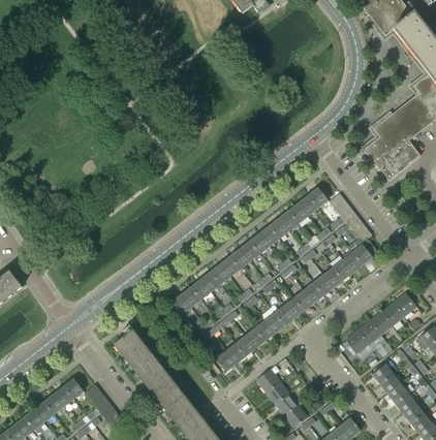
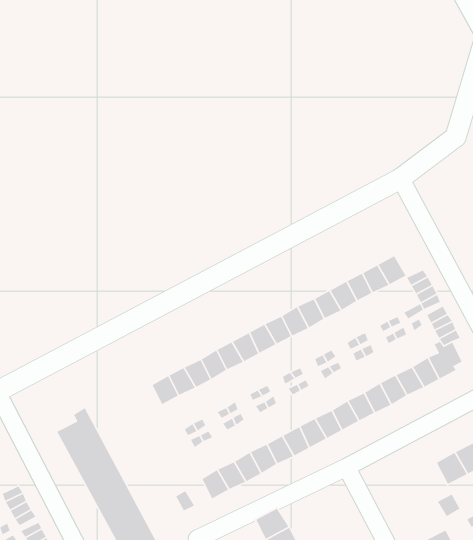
building: [345,320,380,353] -> none

